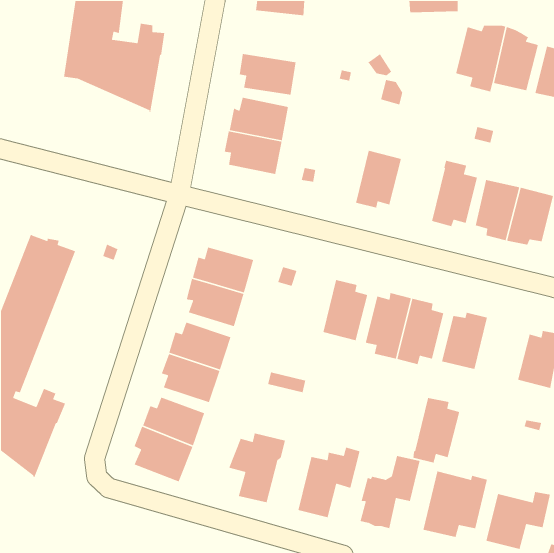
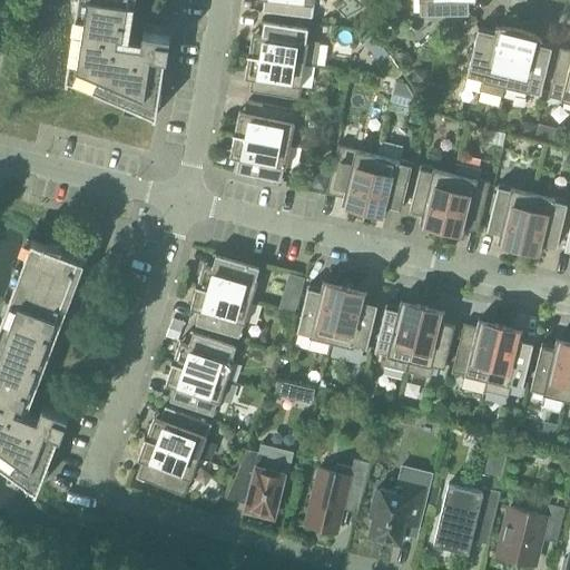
building: none -> [247,22,318,68]
building: none -> [327,146,379,210]
building: none -> [410,167,456,229]
building: none -> [297,283,345,343]
building: [412,397,460,464] -> [485,327,534,395]

